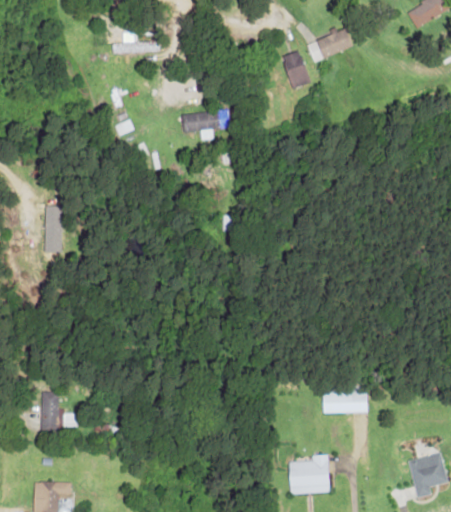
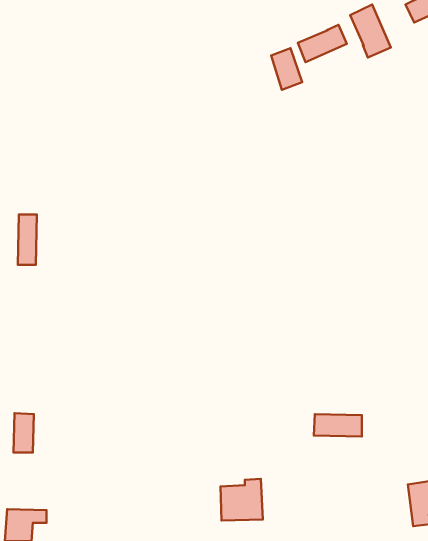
building: none -> [350,5,391,57]
building: [112,31,149,52] -> none
building: [182,110,230,139] -> none
building: [289,454,329,493] -> [220,479,263,521]

